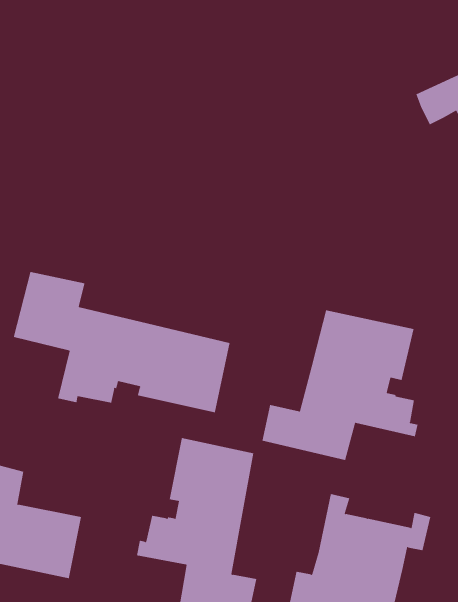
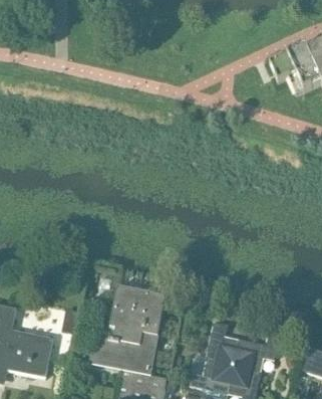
building: [13,271,230,413] -> none
building: [262,310,418,461] -> none

